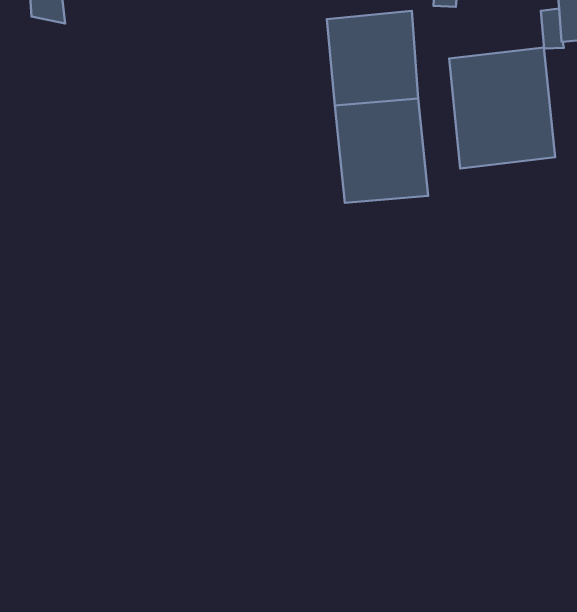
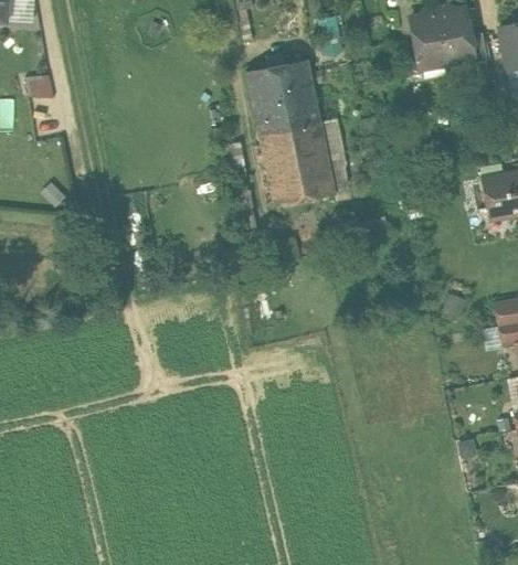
building: [449,47,555,169] -> none

